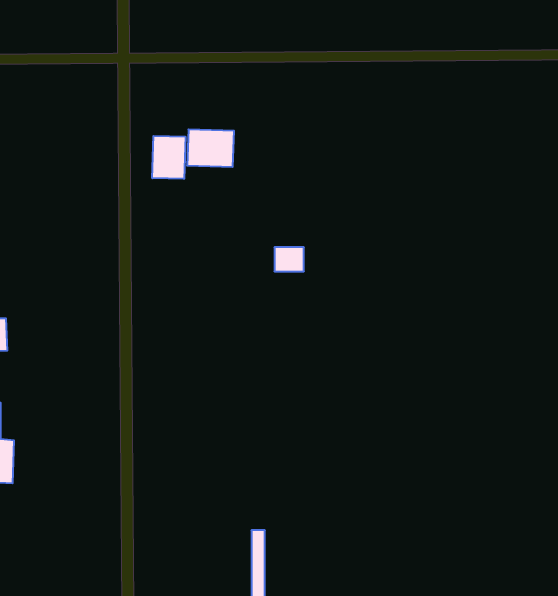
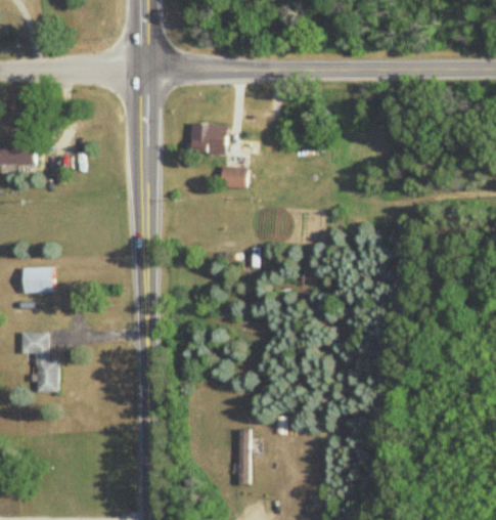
building: [152,136,185,179] -> none
building: [274,247,304,271] -> [222,168,244,186]

